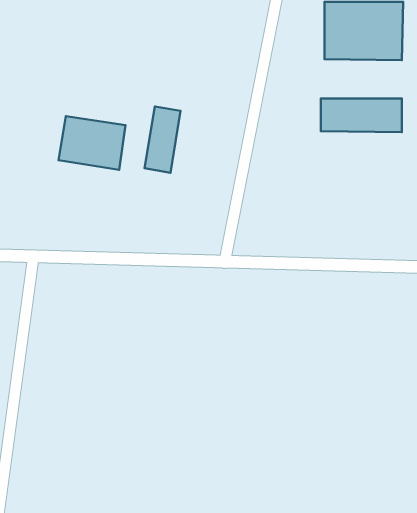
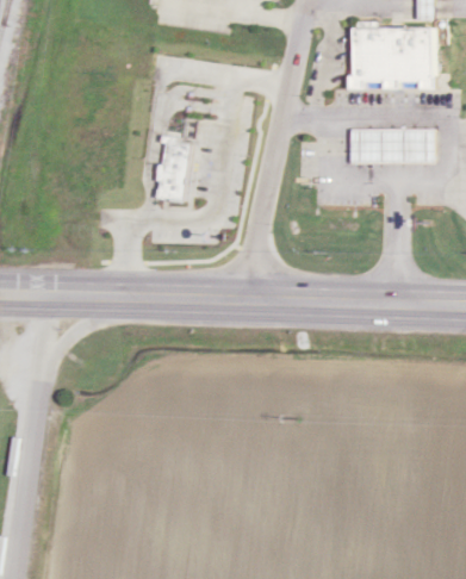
building: [59,116,125,170] -> none

